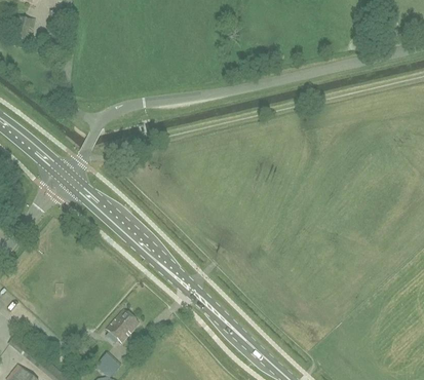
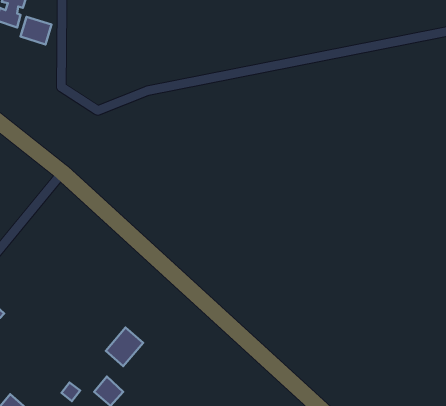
building: none -> [20,17,52,44]

